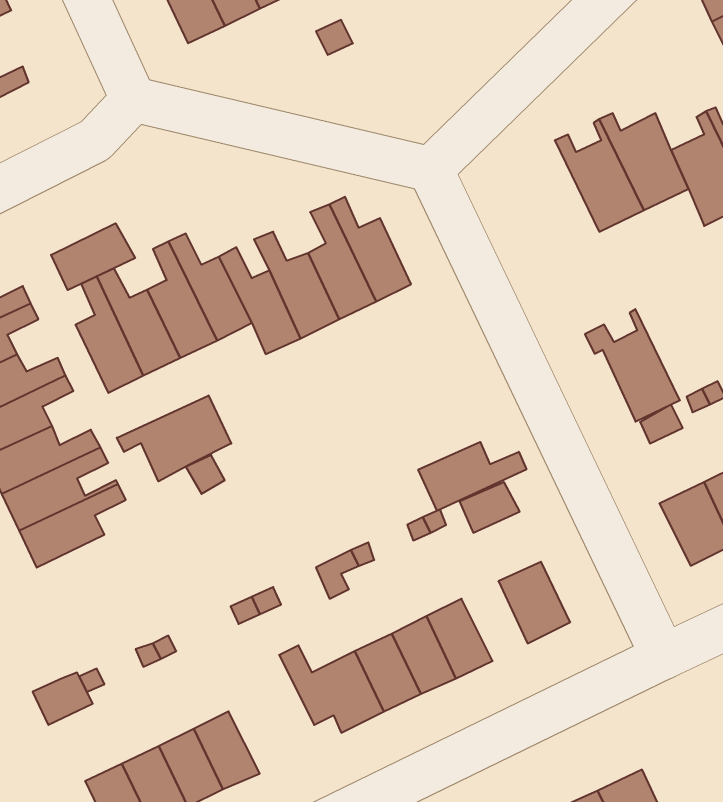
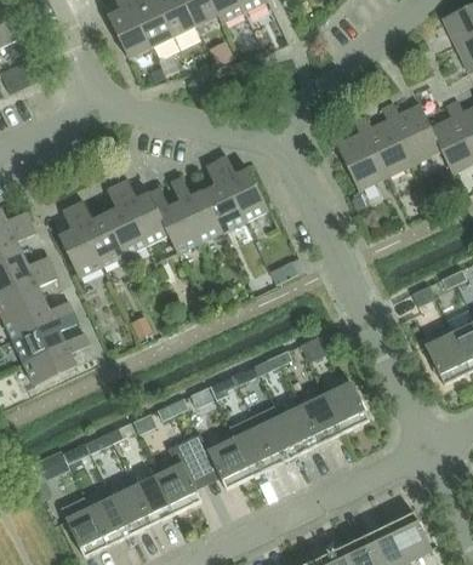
building: [51,223,135,290] -> none
building: [585,309,680,422] -> [326,119,386,189]
building: [117,395,231,481] -> none
building: [418,442,526,511] -> none
building: none -> [300,394,341,444]
building: none -> [154,440,207,514]

